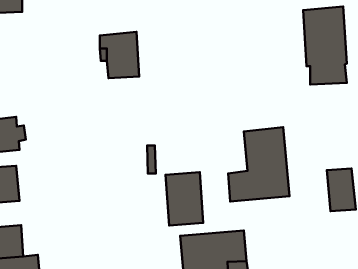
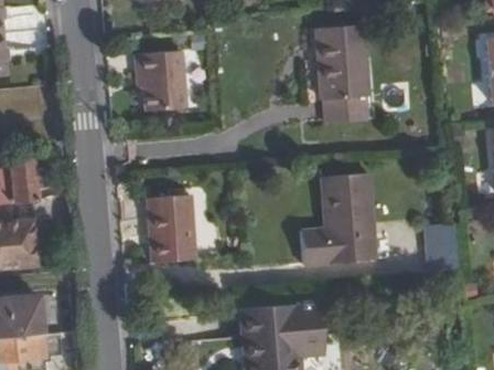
building: [303,7,347,84] -> [314,24,369,123]
building: [166,172,203,226] -> [149,195,196,263]

